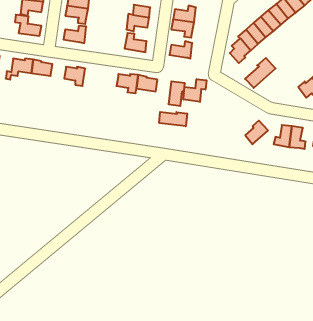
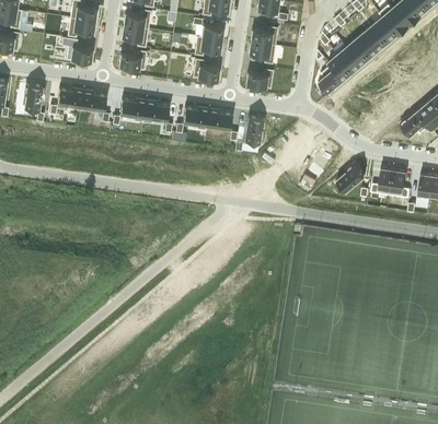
building: [245,58,276,88] -> none
building: none -> [142,101,170,123]
building: [183,79,207,102] -> none
building: [159,112,187,126] -> none

